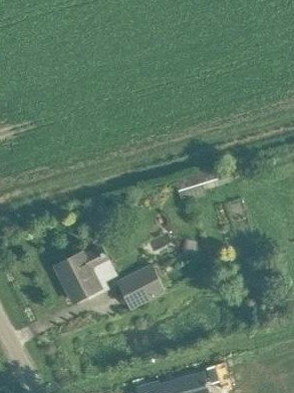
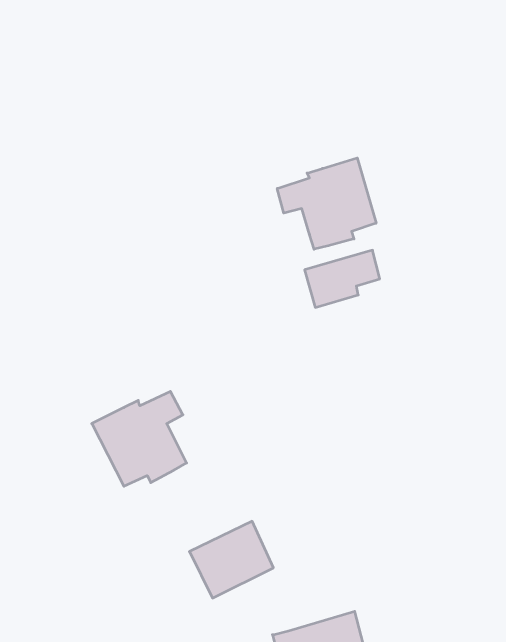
building: none -> [277,158,376,249]
building: [116,265,164,308] -> [189,521,273,598]

